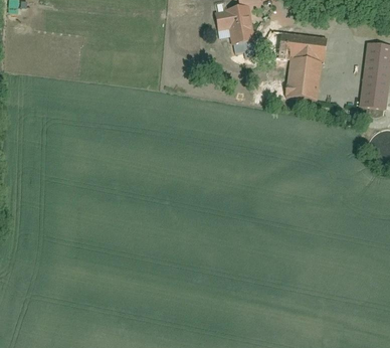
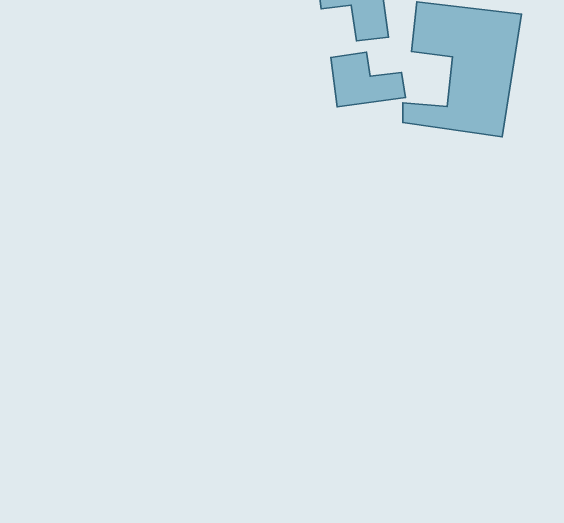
building: none -> [331,52,406,107]

